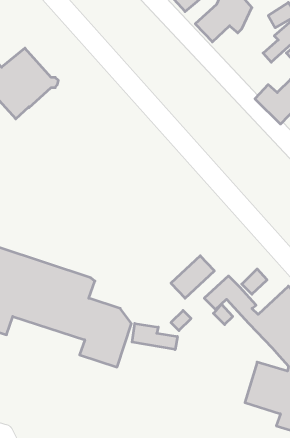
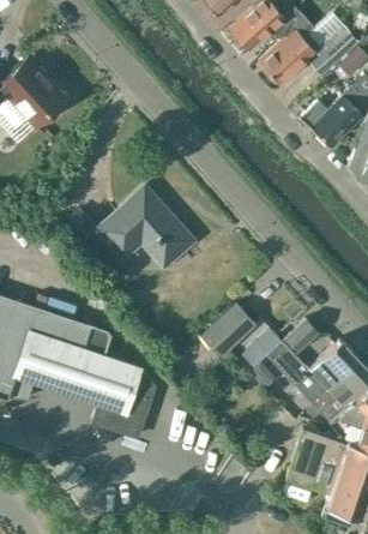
building: none -> [260,11,321,84]
building: none -> [99,188,194,268]
building: [132,323,177,350] -> none

